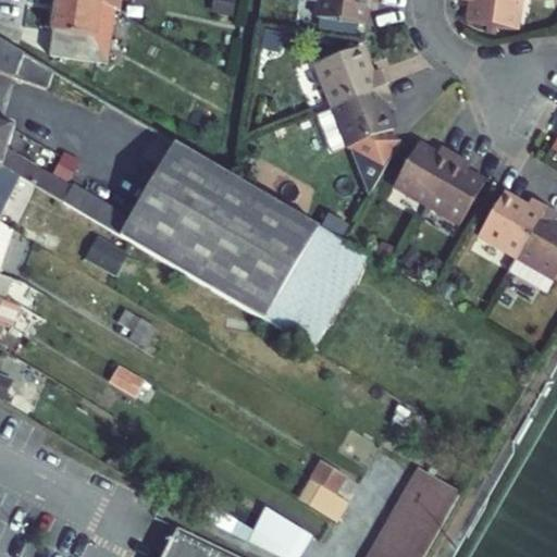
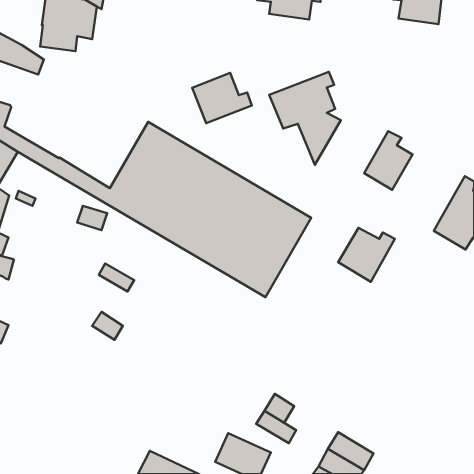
building: [314,46,384,104] -> [192,73,252,123]
building: [392,143,454,202] -> none
building: [476,193,543,256] -> [338,228,395,282]
building: [395,467,459,530] -> none

